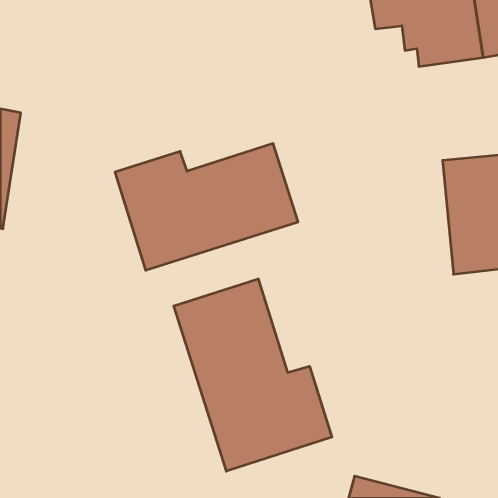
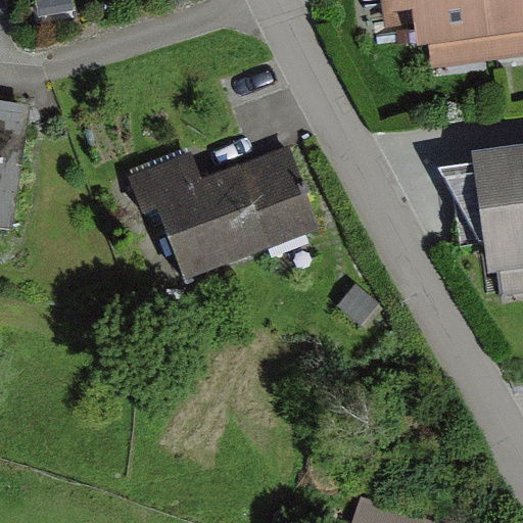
building: [174,279,332,471] -> none

